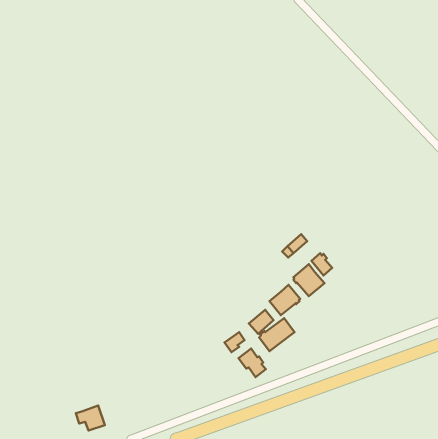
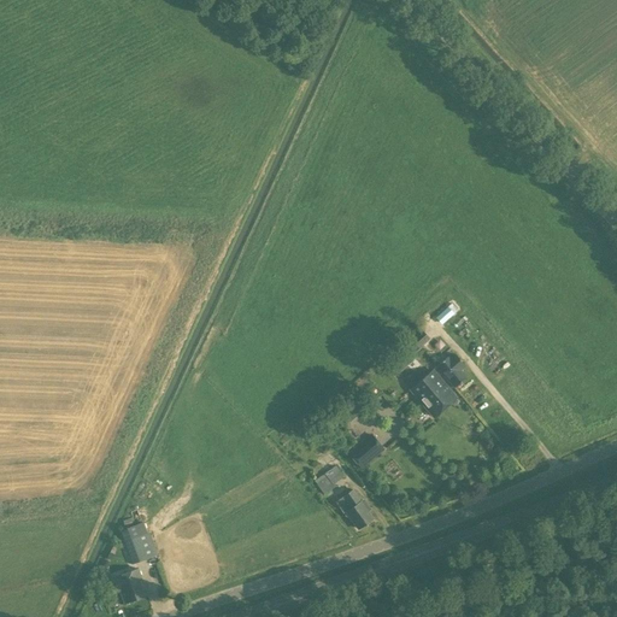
building: [269,285,300,315] -> none
building: [259,318,295,351] -> none
building: none -> [122,523,158,563]

